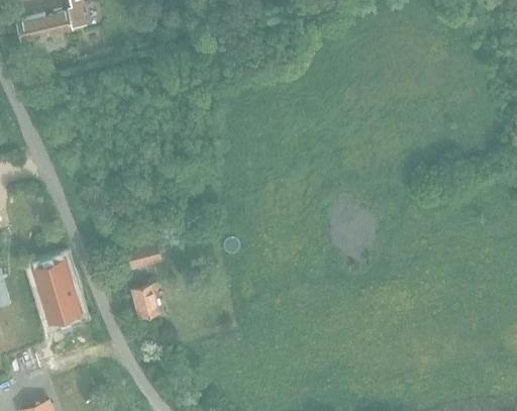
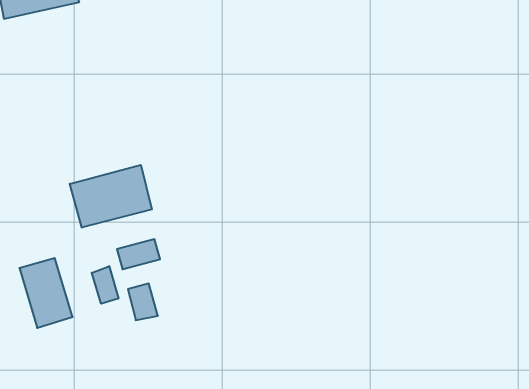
building: none -> [70,165,152,228]
building: none -> [92,266,118,304]

